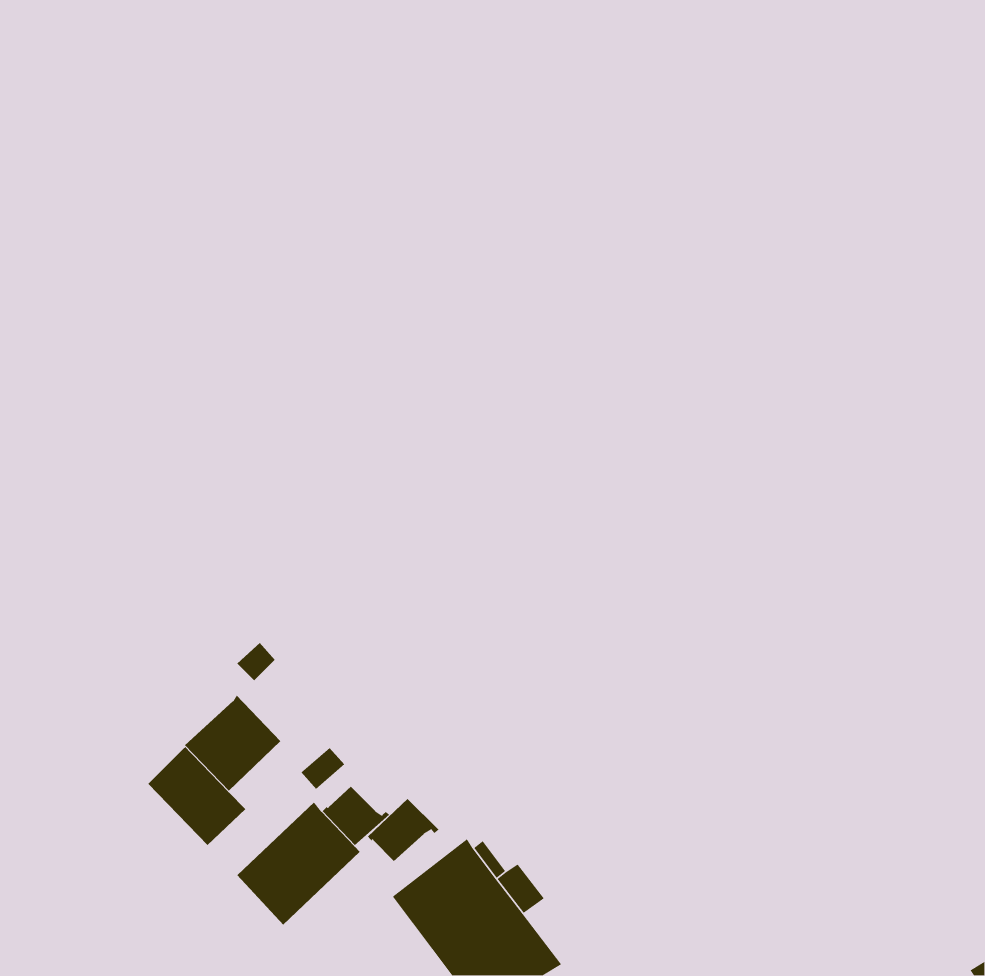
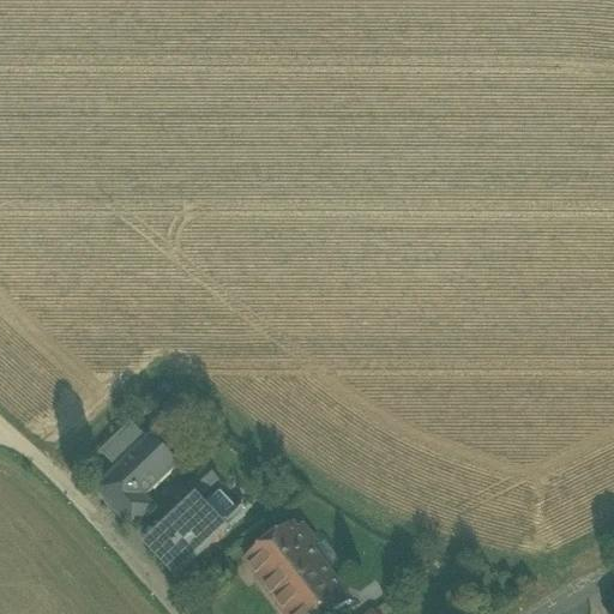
building: none -> [98,416,144,462]
building: [367,798,439,862] -> none

